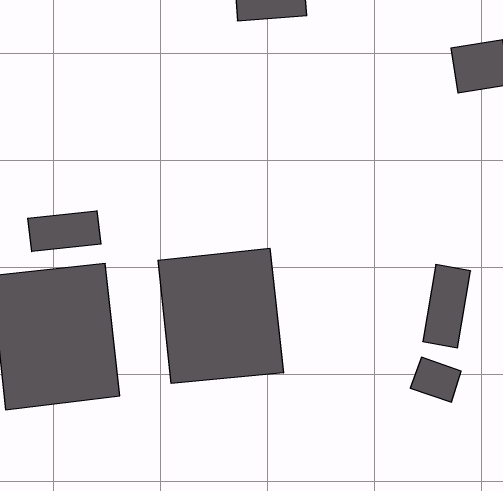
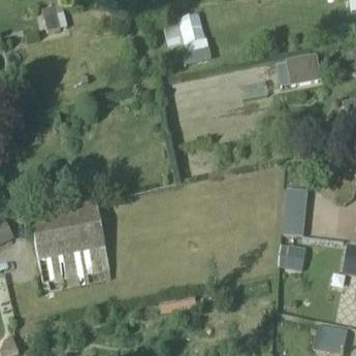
building: [28,211,101,252] -> none
building: [158,248,283,383] -> none

